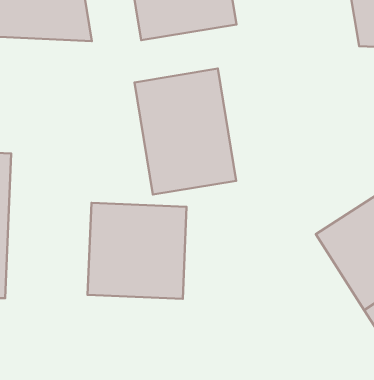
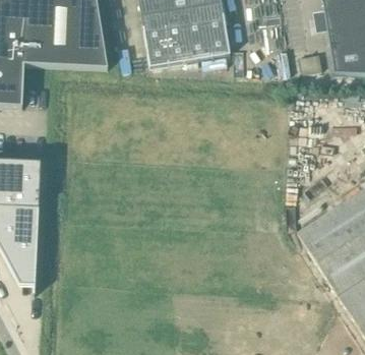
building: [135,69,236,195] -> none
building: [88,203,187,299] -> none

